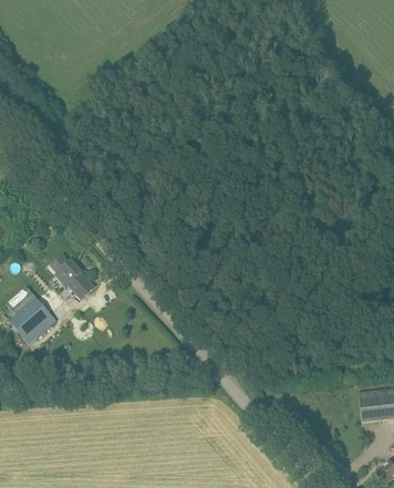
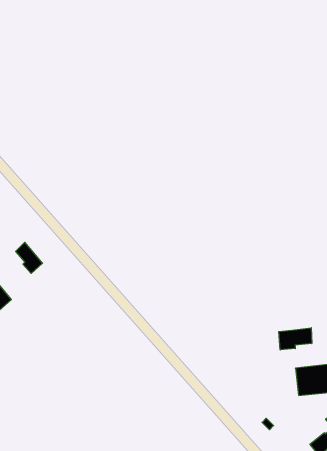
building: none -> [279,328,312,350]

